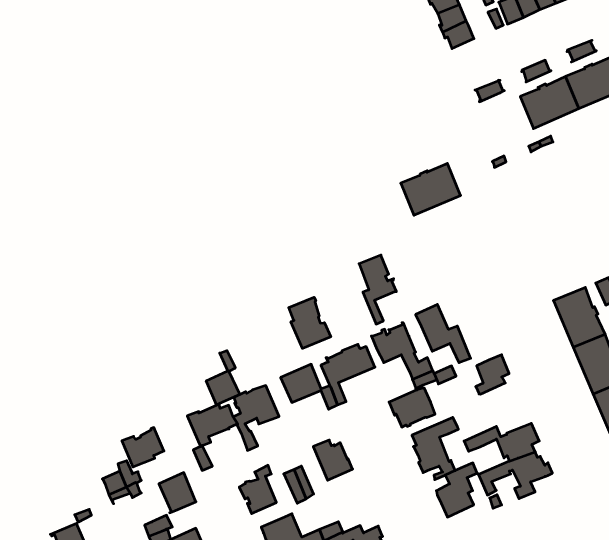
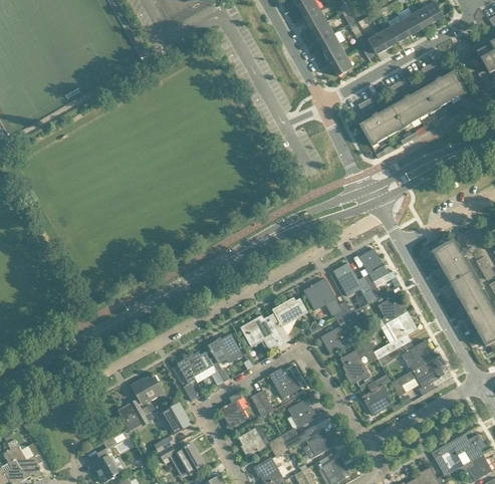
building: [401,163,461,215] -> [358,105,403,146]
building: [359,255,396,324] -> [358,248,388,298]
building: [289,297,331,348] -> none
building: [206,351,240,405] -> none
building: none -> [374,312,416,358]
building: none -> [288,400,316,427]

